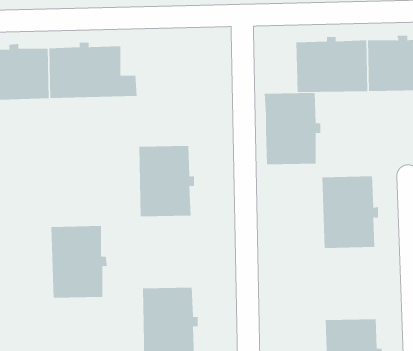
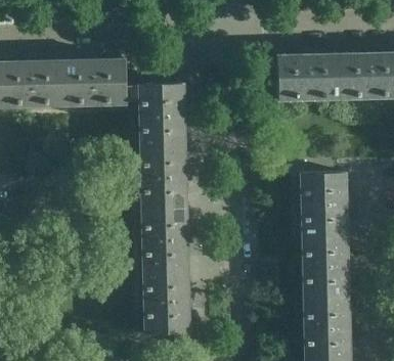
building: [264,92,321,165] -> [138,84,188,147]
building: [50,226,108,298] -> [141,208,191,271]
building: none -> [302,235,351,299]

